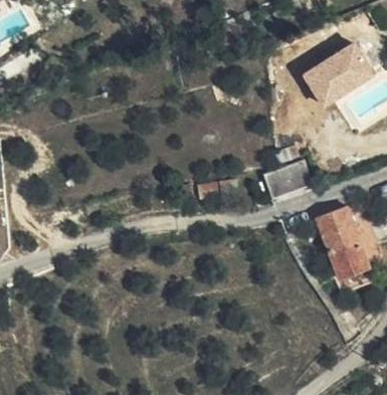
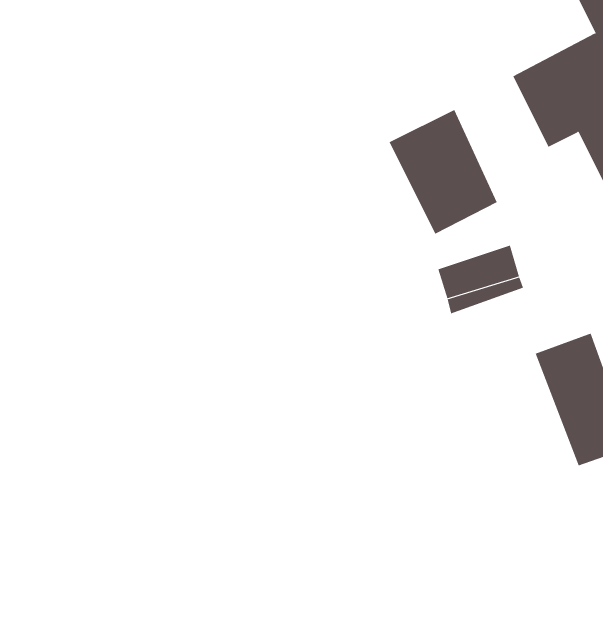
building: none -> [389,109,498,234]

